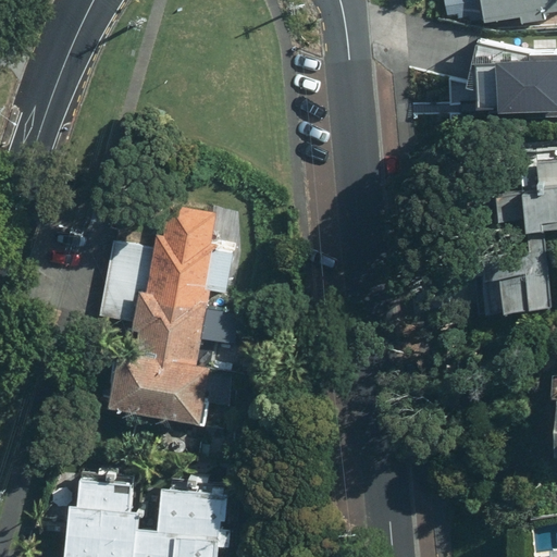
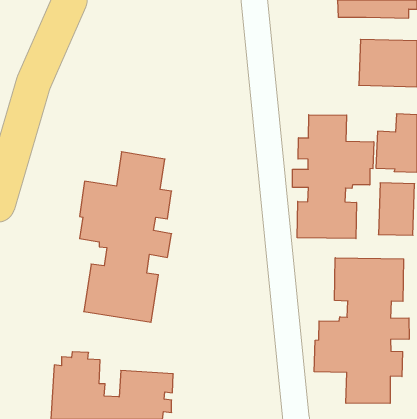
building: none -> [293,115,374,239]
building: none -> [314,258,409,403]

